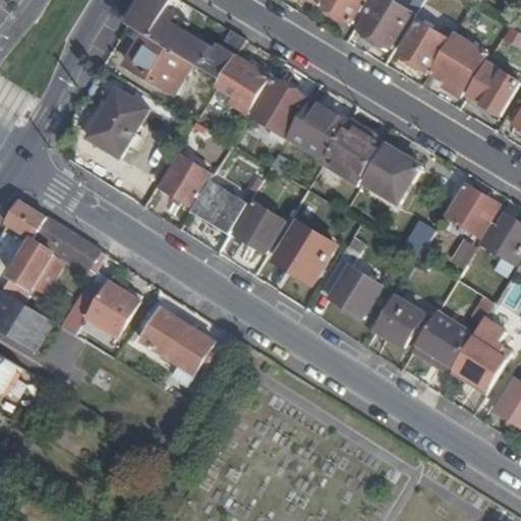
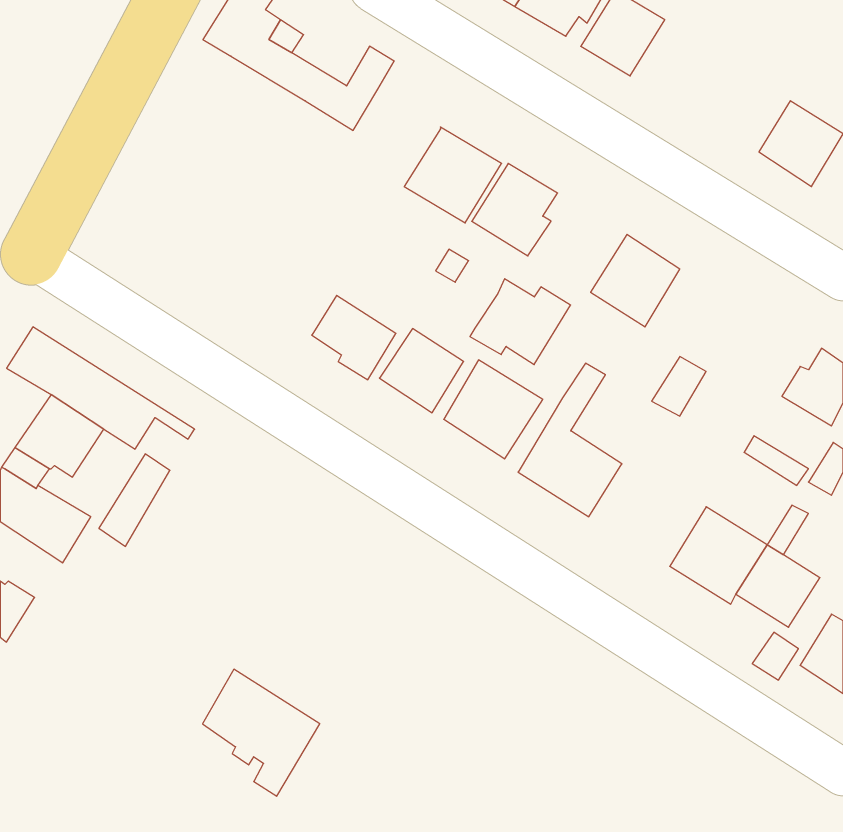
building: [400,22,447,70] -> none
building: [430,34,486,98] -> none
building: [125,35,188,92] -> none
building: [214,55,272,115] -> none
building: [85,89,148,157] -> none
building: [323,127,385,180] -> [470,279,571,365]
building: [159,155,212,207] -> none
building: [445,182,498,235] -> none
building: [88,284,138,337] -> none
building: [374,292,424,344] -> none
building: [140,308,213,387] -> [203,669,320,796]

